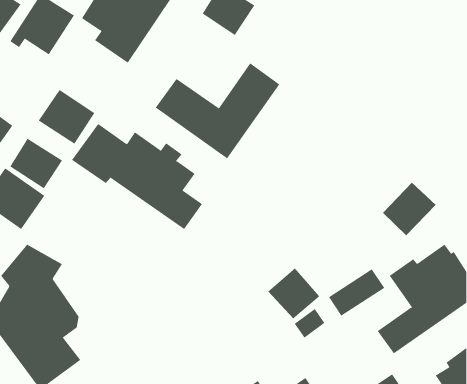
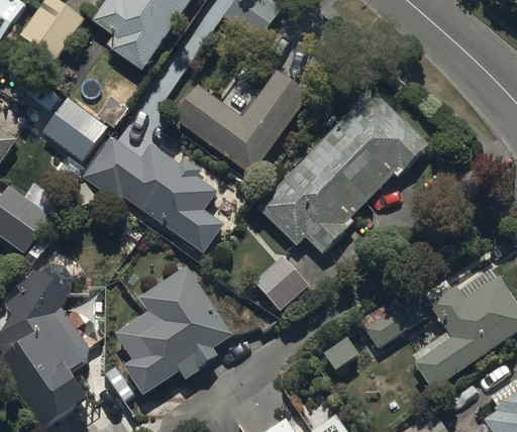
building: none -> [256,87,430,253]
building: [9,138,63,189] -> none
building: [382,182,437,236] -> none
building: none -> [115,266,233,396]
building: [268,268,320,319] -> [251,253,309,310]

